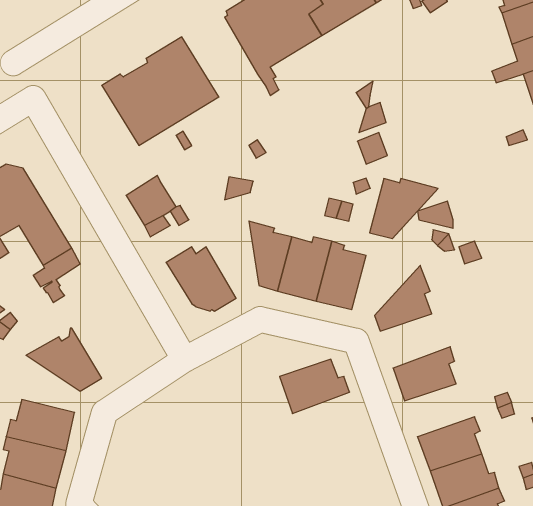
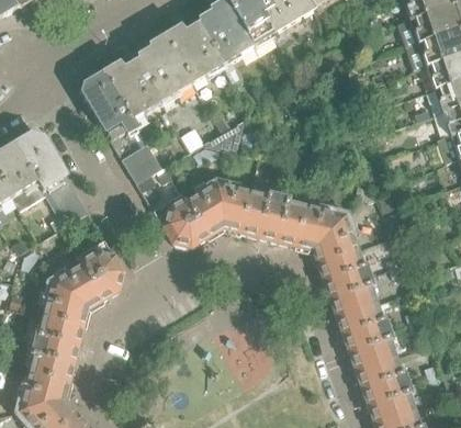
building: none -> [165,20,223,81]
building: none -> [82,72,136,137]
building: [370,179,438,239] -> [295,203,348,249]
building: none -> [183,177,224,236]
building: none -> [80,237,123,297]
building: none -> [40,280,87,324]
building: [280,359,350,414] -> [317,248,371,290]
building: none -> [336,302,390,342]

